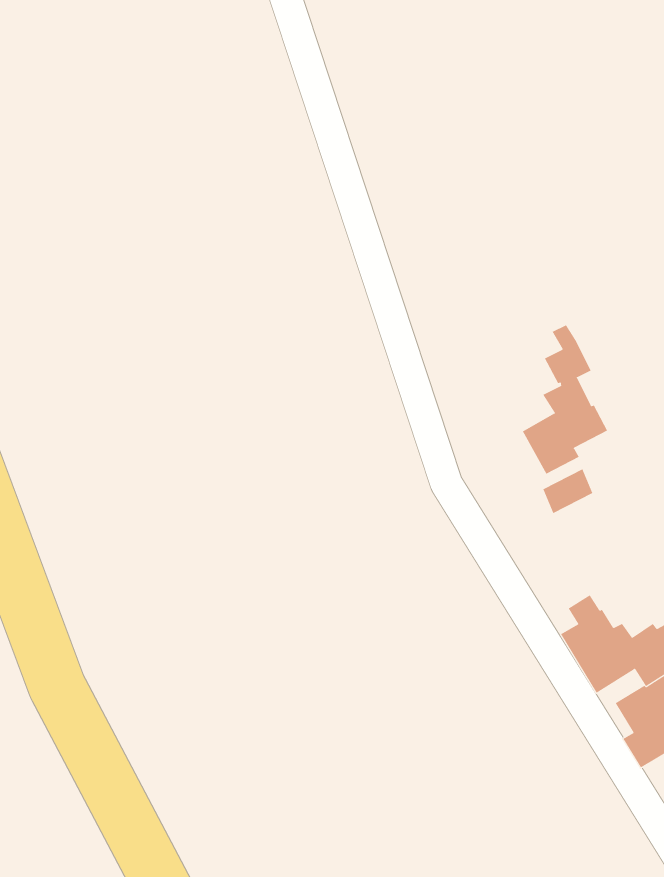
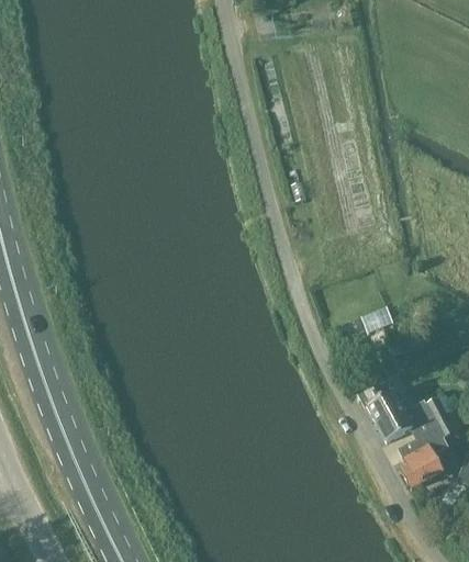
building: [522,324,608,475] -> none

